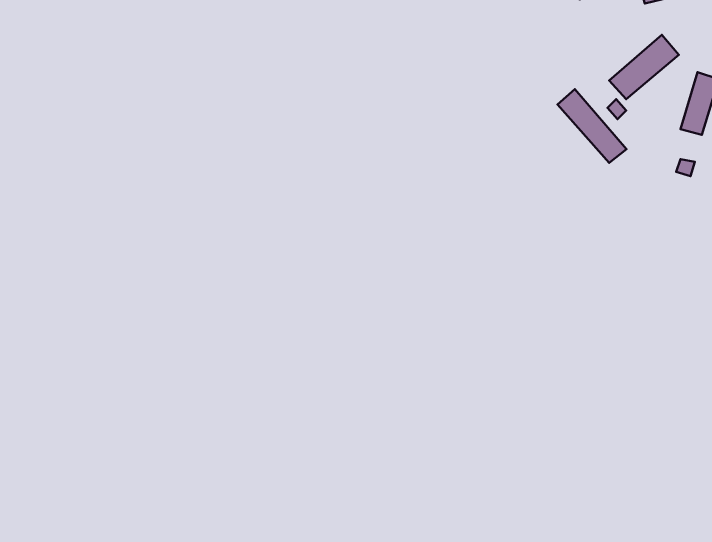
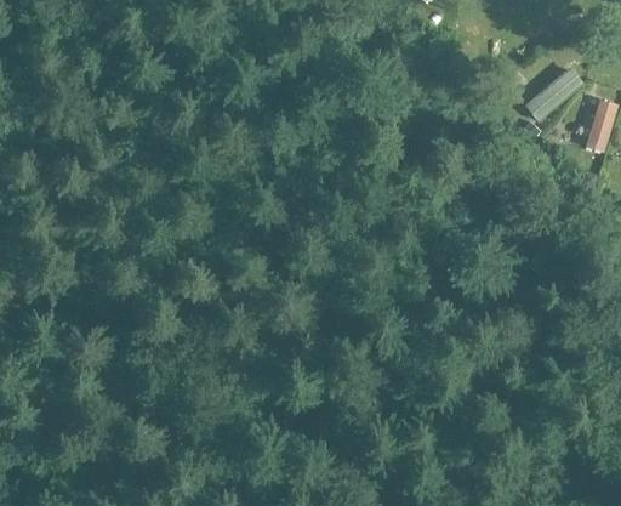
building: [558,89,626,163] -> none

